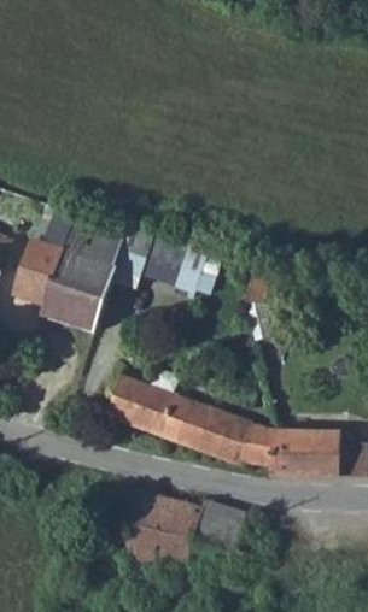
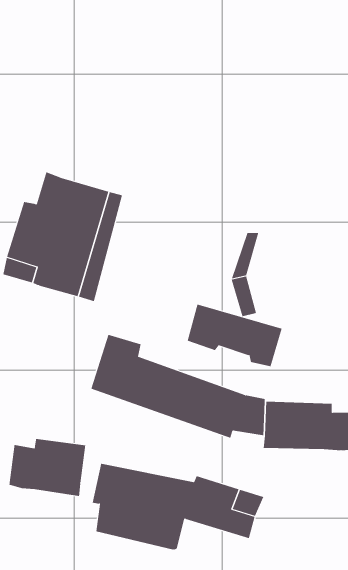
building: [128,230,221,292] -> [187,304,282,367]
building: none -> [9,438,86,497]

